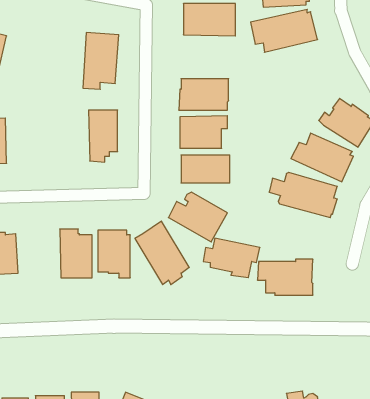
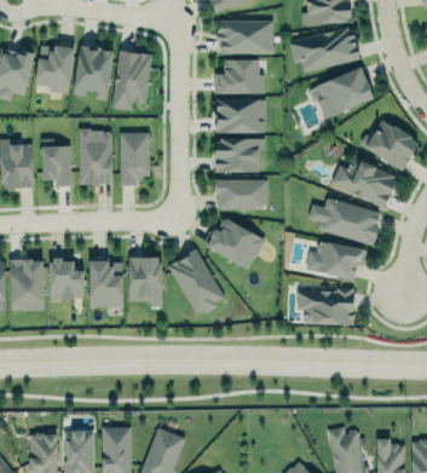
building: none -> [36,45,75,93]
building: none -> [74,46,114,99]
building: none -> [214,59,265,93]
building: none -> [317,68,374,119]
building: none -> [77,126,112,184]
building: none -> [41,138,71,186]
building: none -> [50,258,85,302]
building: [203,238,260,278] -> [307,241,367,282]

